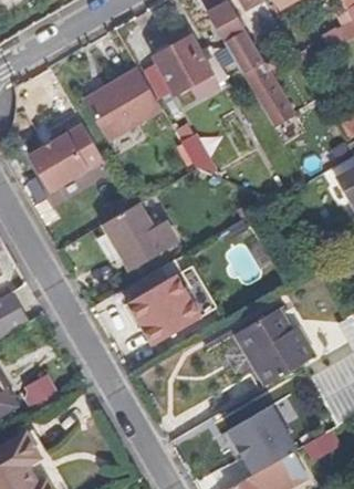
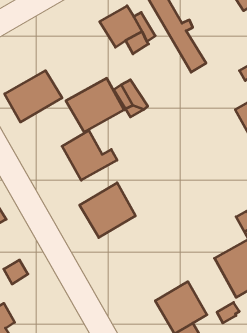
building: [84,69,162,141] -> [66,78,124,132]
building: [233,308,316,386] -> none

